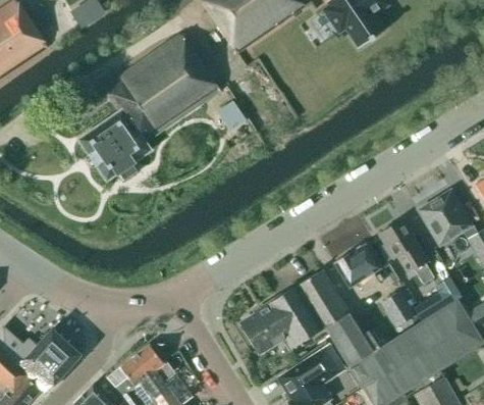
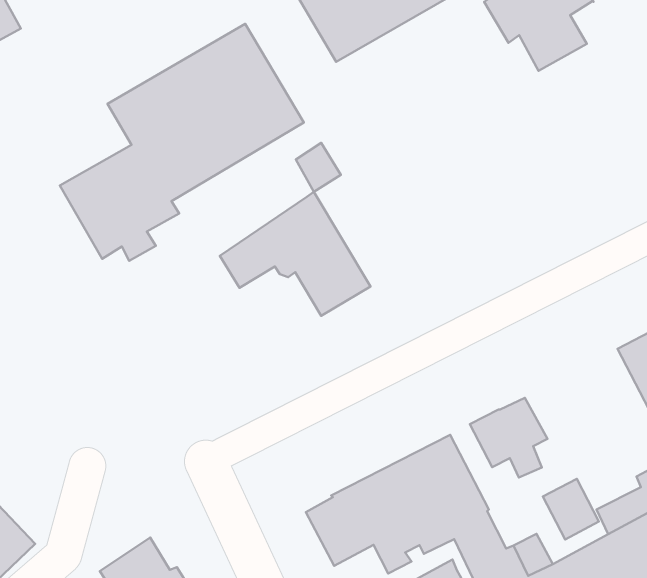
building: none -> [220,192,371,316]
building: [378,219,433,284] -> none

